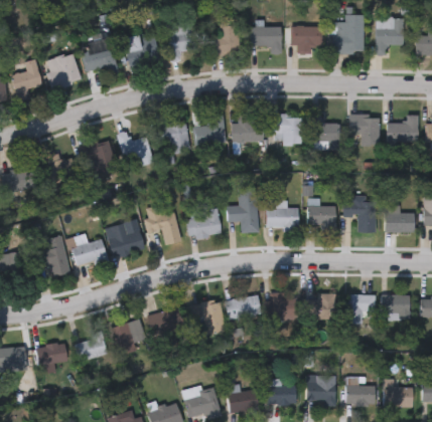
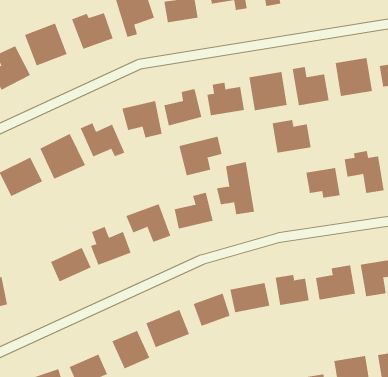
building: none -> [179,136,222,176]
building: [268,202,299,229] -> [272,119,311,153]
building: [44,236,68,276] -> none

